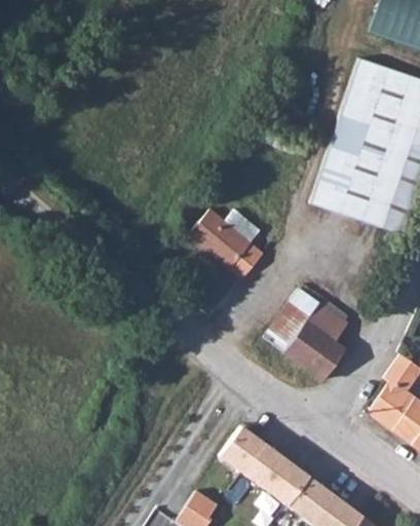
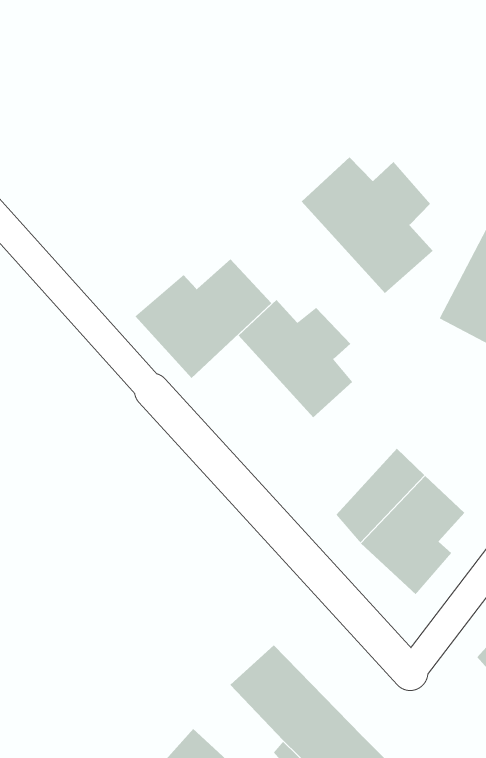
building: none -> [301,157,434,294]
building: none -> [134,258,272,379]

